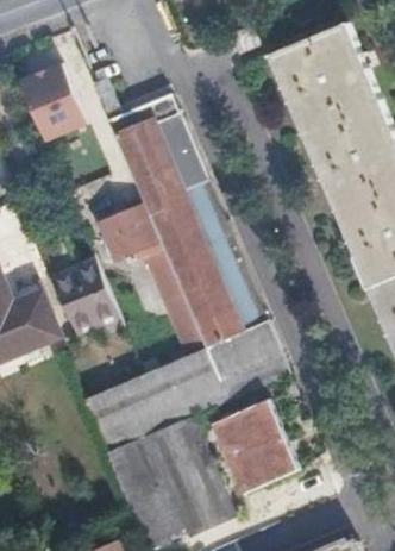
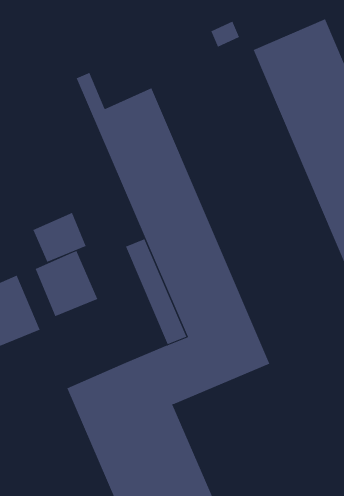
building: [19,48,88,139] -> none
building: [99,205,153,256] -> [33,212,87,263]
building: [209,396,300,490] -> none

